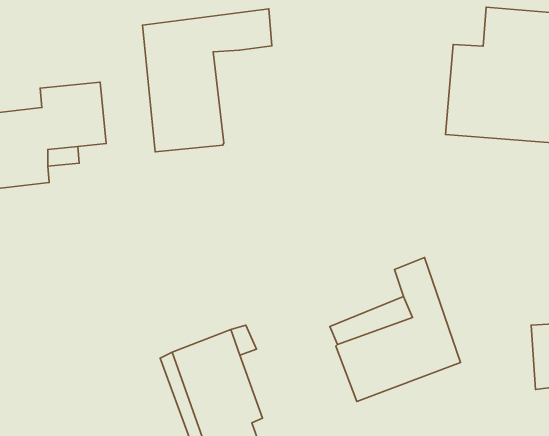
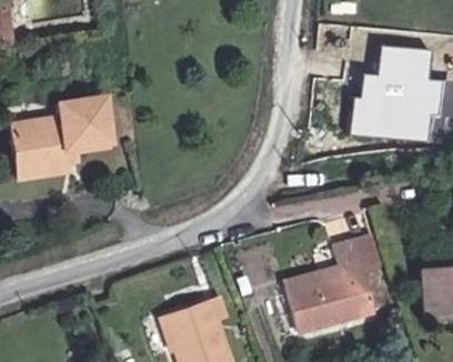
building: [142,9,272,152] -> none

